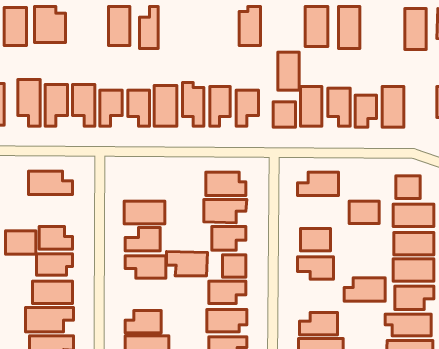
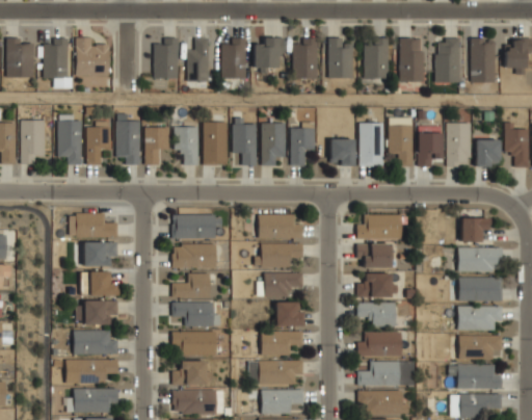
building: none -> [255,37,283,69]
building: none -> [435,37,458,82]
building: none -> [221,40,245,79]
building: [278,52,299,90] -> [329,37,352,78]
building: none -> [476,139,500,166]
building: none -> [171,215,218,239]
building: [349,201,379,224] -> [357,244,390,268]
building: [5,231,36,254] -> [84,242,116,267]
building: [167,251,207,276] -> [172,331,216,357]
building: [344,278,385,301] -> [356,333,400,358]

